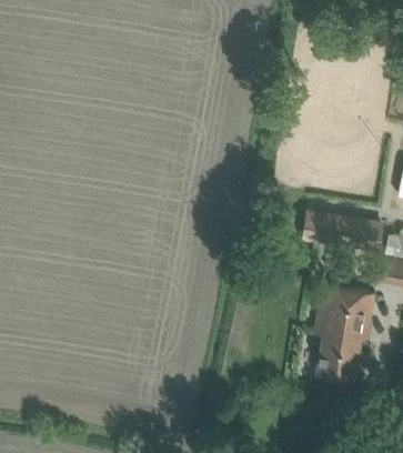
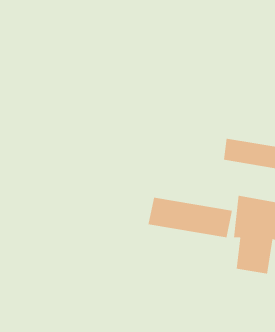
building: none -> [148,197,233,238]

